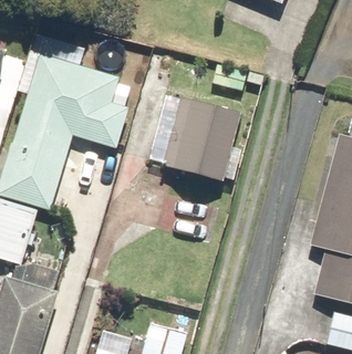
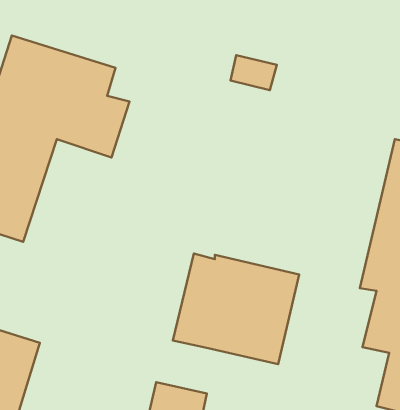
building: [147,97,247,185] -> [173,253,299,364]

